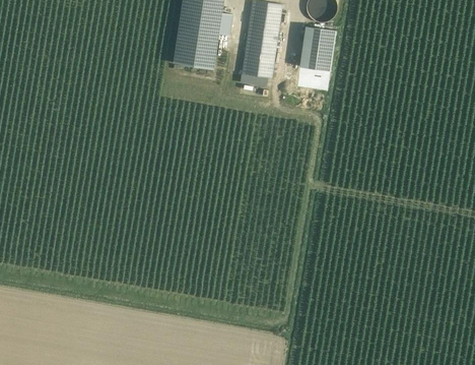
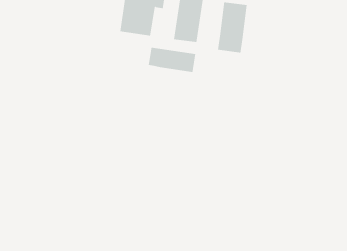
building: none -> [148,47,196,73]

